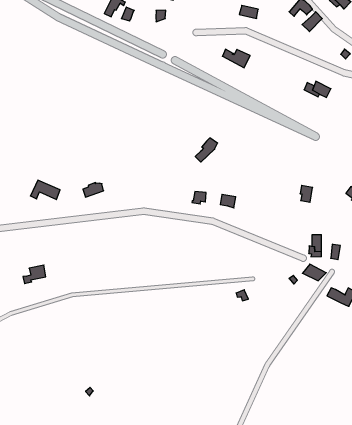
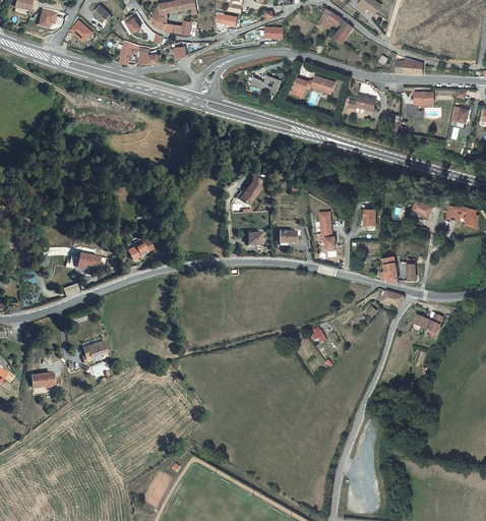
building: none -> [290,74,336,94]
building: none -> [317,211,333,247]

